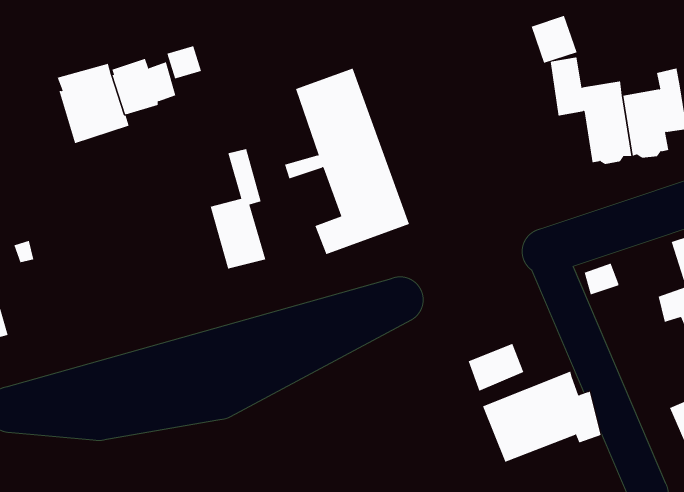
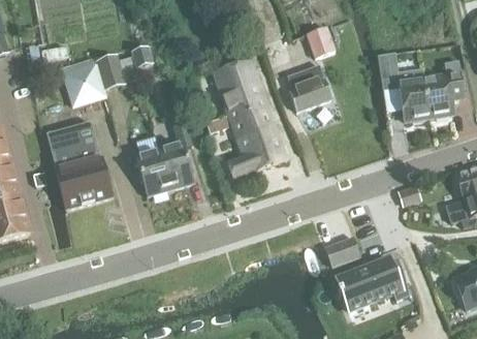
building: [531,15,577,64] -> [306,27,336,58]
building: none -> [288,64,332,112]
building: none -> [46,121,113,209]
building: none -> [135,149,170,196]

